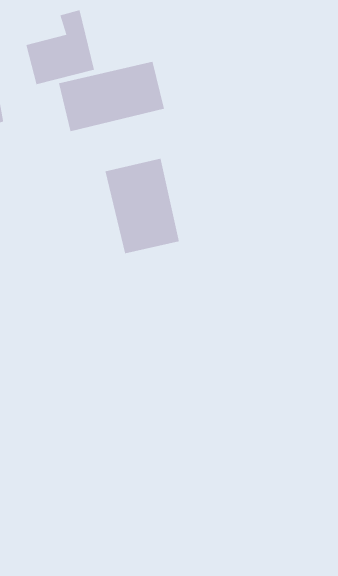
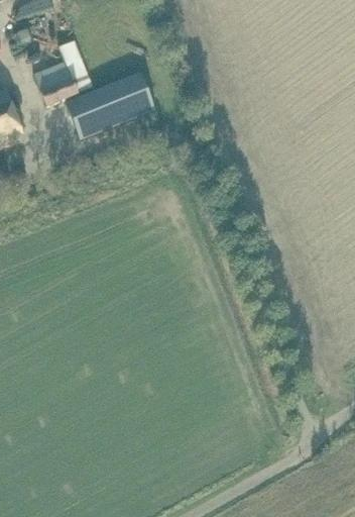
building: [105,158,179,254] -> none

